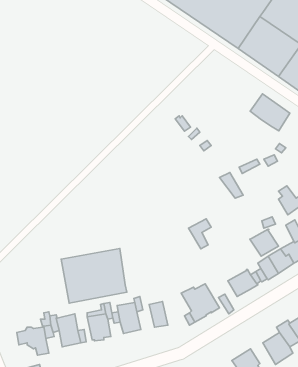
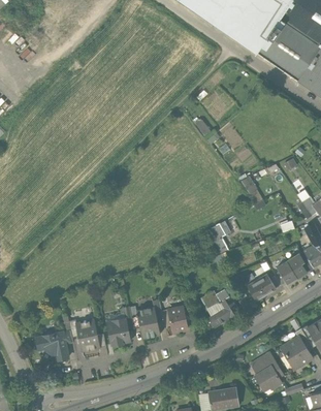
building: [250,94,290,131] -> none
building: [250,229,278,256] -> none
building: [61,249,127,303] -> none

